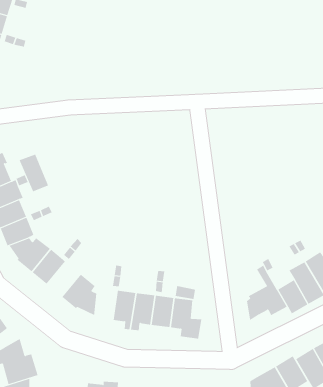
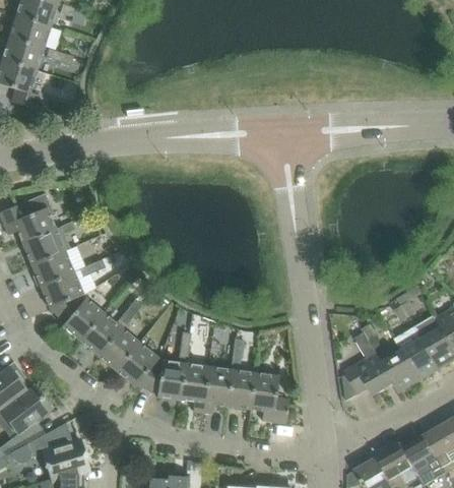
building: [19,150,49,192] -> none
building: none -> [99,327,140,371]
building: none -> [156,360,185,400]

